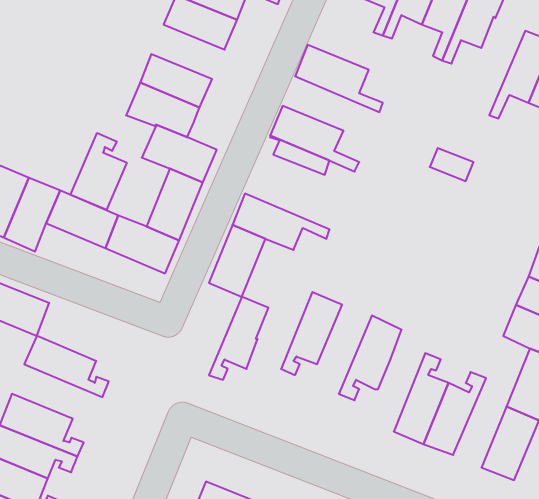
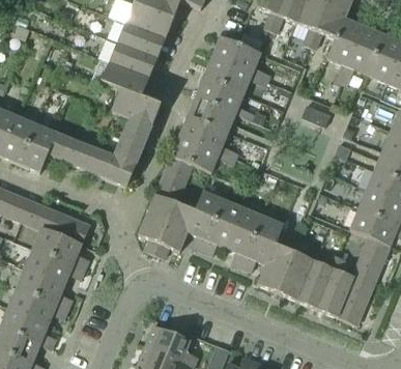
building: none -> [327,17,365,82]
building: none -> [117,22,166,58]
building: none -> [204,56,268,92]
building: [71,133,127,210] -> none
building: none -> [179,114,238,158]
building: none -> [187,191,224,250]
building: none -> [139,193,177,254]
building: none -> [41,206,90,245]
building: none -> [227,207,263,266]
building: none -> [257,235,298,291]
building: none -> [25,247,85,283]
building: none -> [317,256,352,315]

